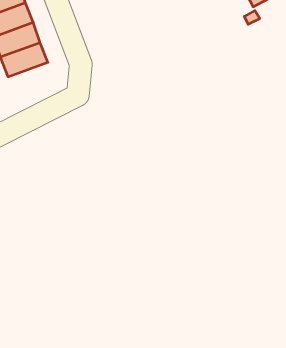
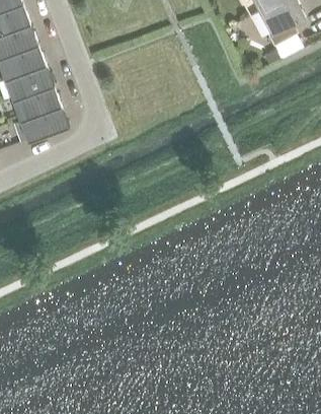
building: none -> [18,104,68,140]

